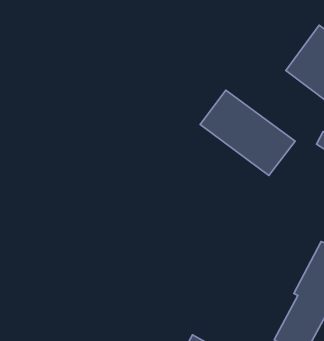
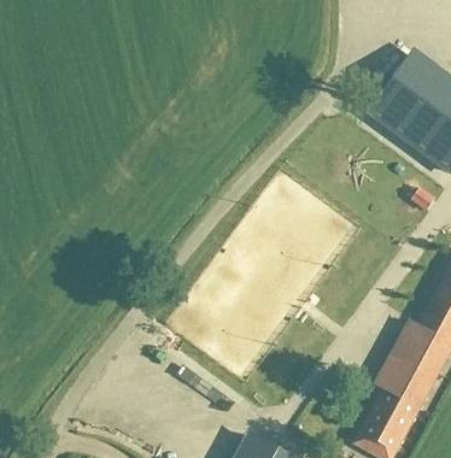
building: [200,90,295,175] -> none

